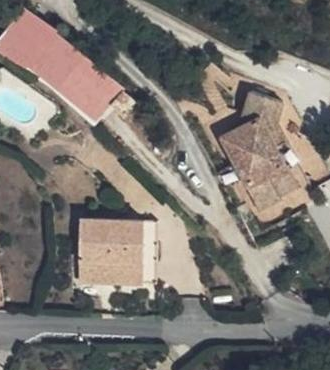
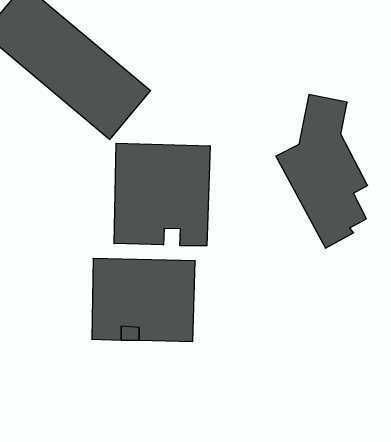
building: none -> [114,143,210,246]

